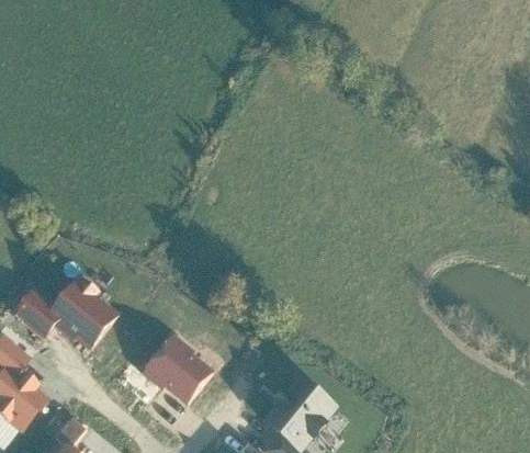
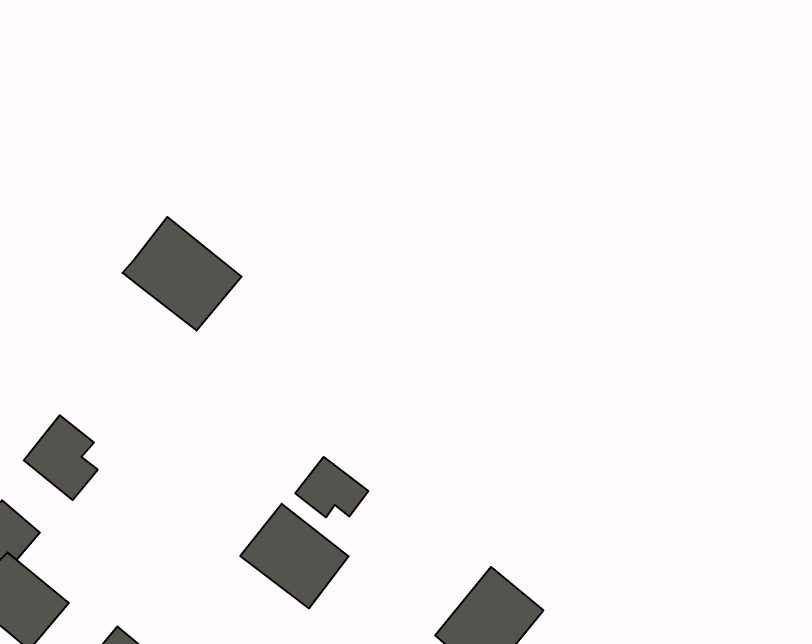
building: [50,278,123,347] -> [122,217,242,331]
building: none -> [295,457,368,517]

